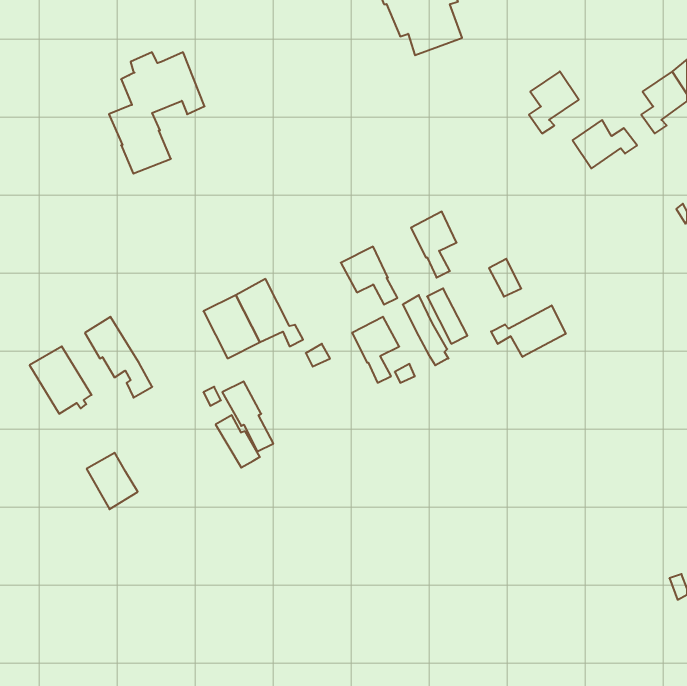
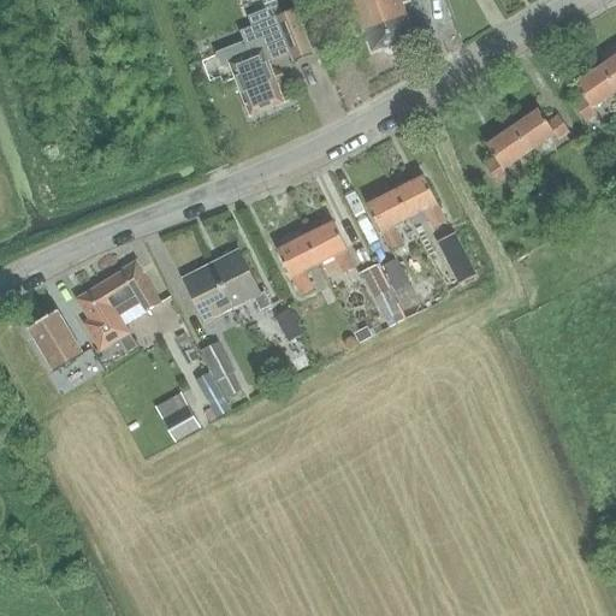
building: [109,52,205,174] -> [227,6,313,114]
building: [529,71,579,133] -> [484,125,528,180]
building: none -> [395,174,444,226]
building: none -> [99,259,160,324]
building: [491,305,566,357] -> none
building: [352,317,399,383] -> [277,235,319,294]
building: [87,453,138,509] -> [154,391,200,442]

